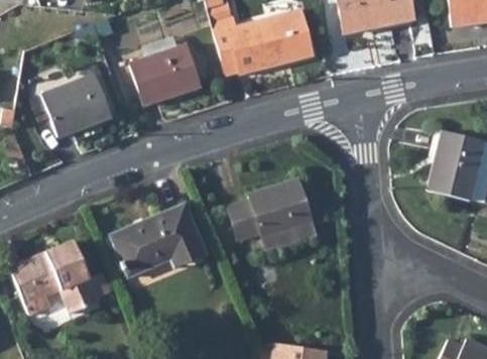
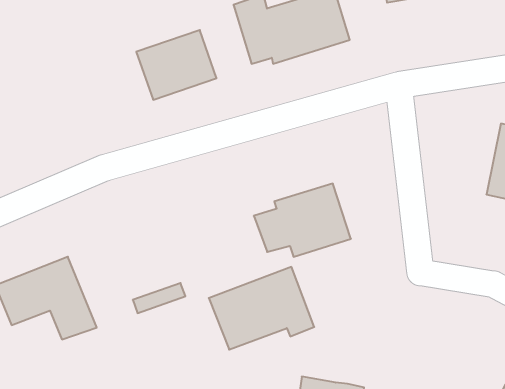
building: [37,78,105,140] -> none
building: [116,205,205,274] -> [209,267,314,350]

